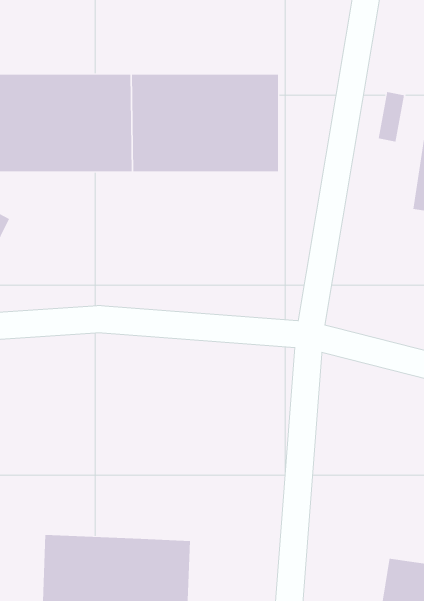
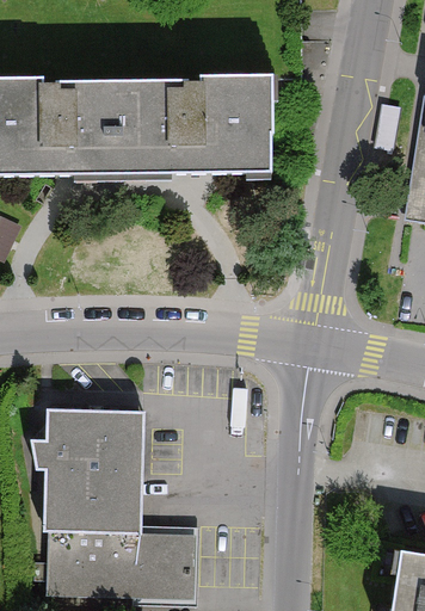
building: none -> [41,408,152,529]

